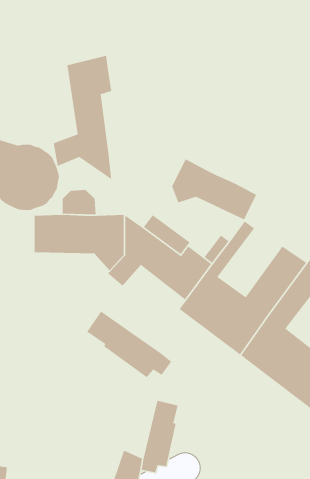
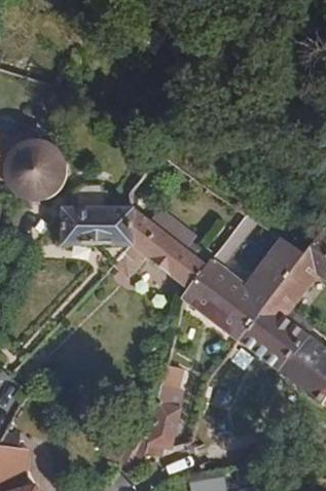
building: [53,55,112,180] -> none
building: [171,158,257,221] -> none
building: [86,310,172,378] -> none

